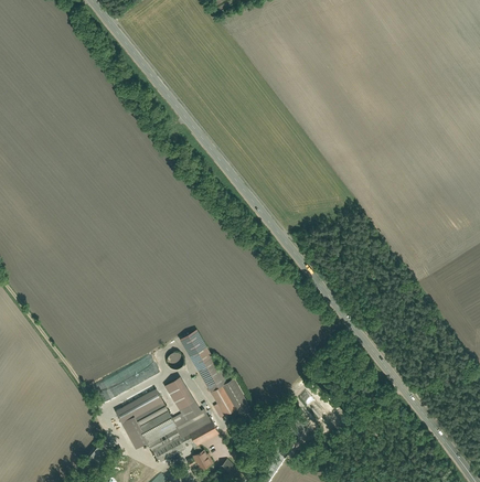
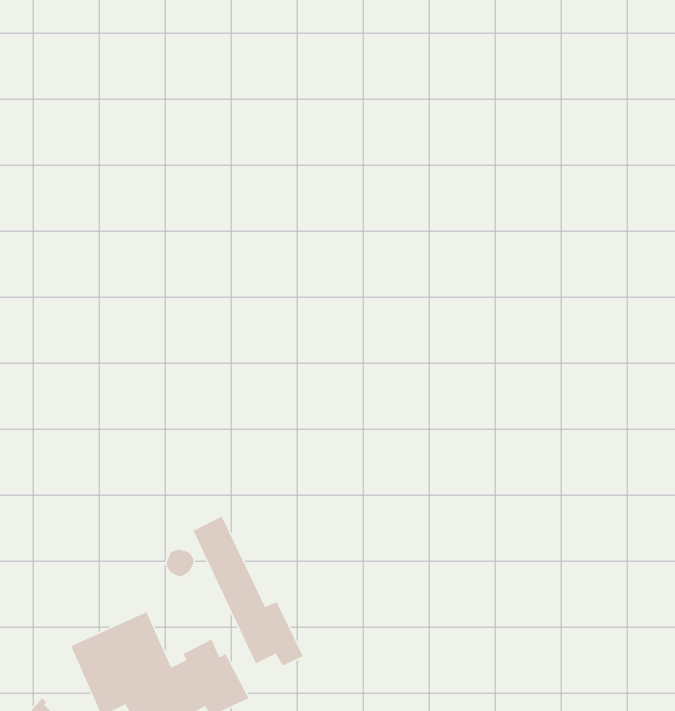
building: [164,376,195,410] -> none

